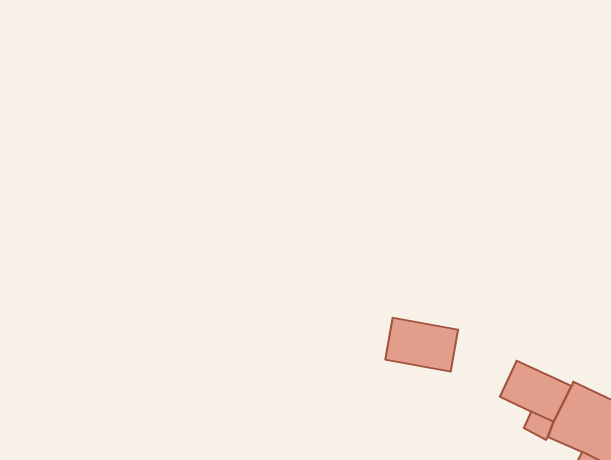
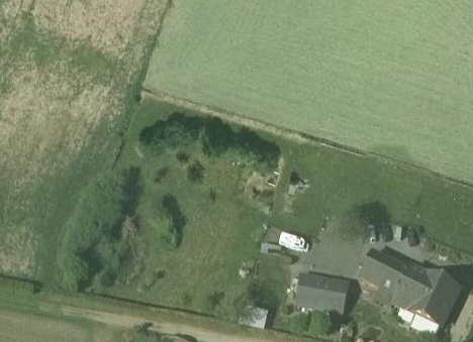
building: [385,318,458,372] -> [296,274,346,311]

